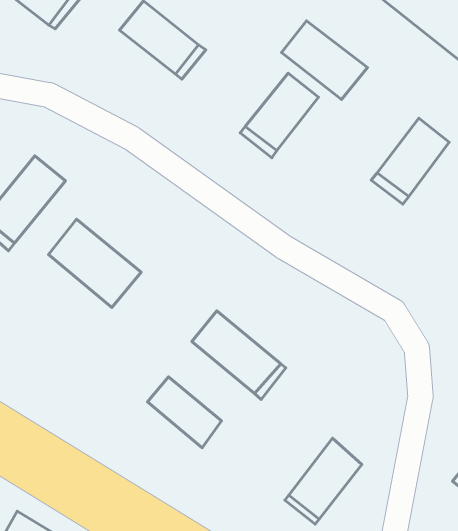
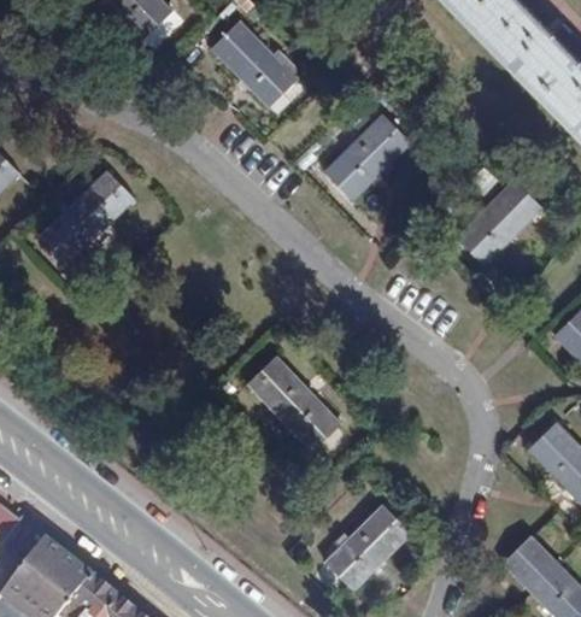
building: [281,21,368,100] -> none
building: [48,219,141,308] -> none
building: [148,377,221,448] -> none

